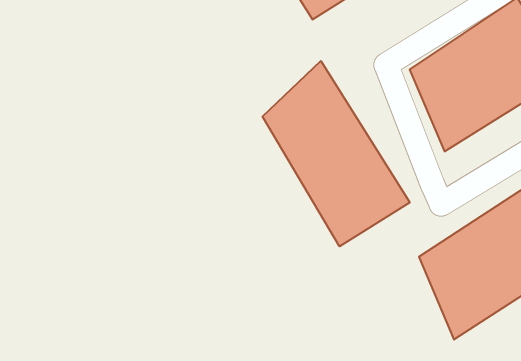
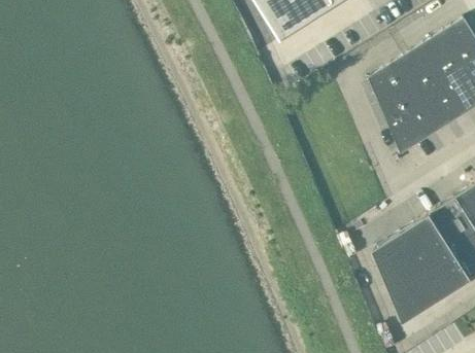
building: [263,61,410,246] -> none

